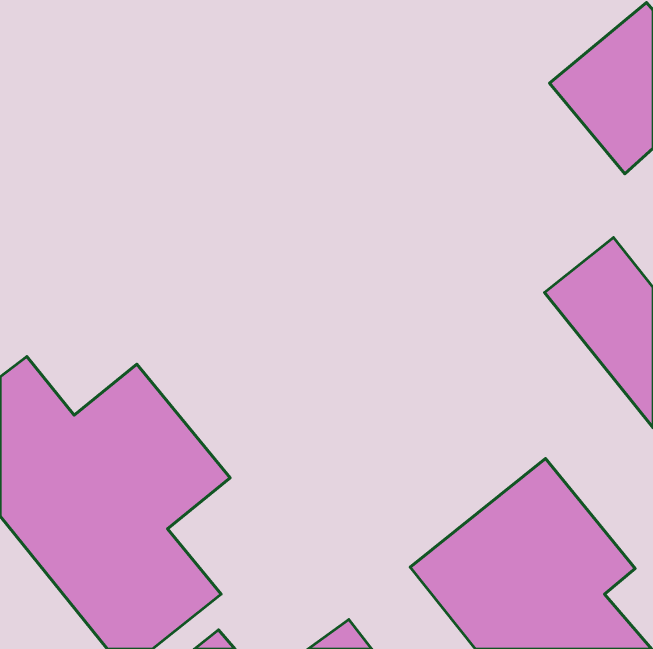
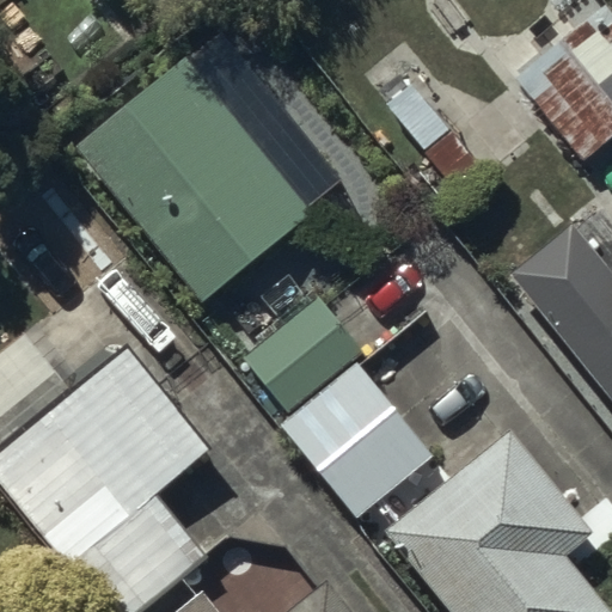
building: none -> [75,57,312,304]
building: none -> [244,298,435,519]

